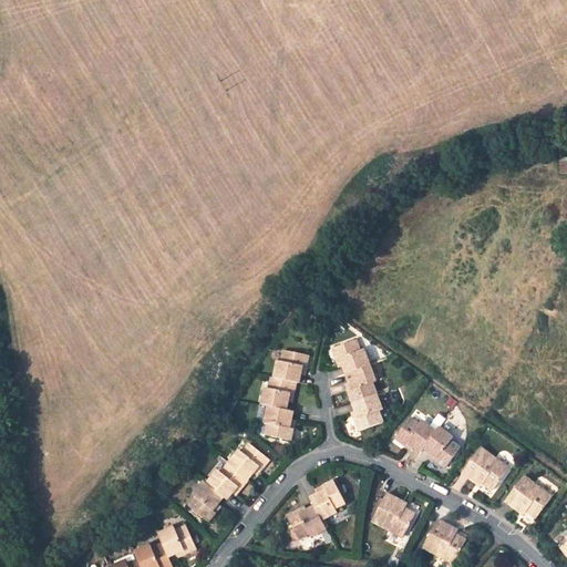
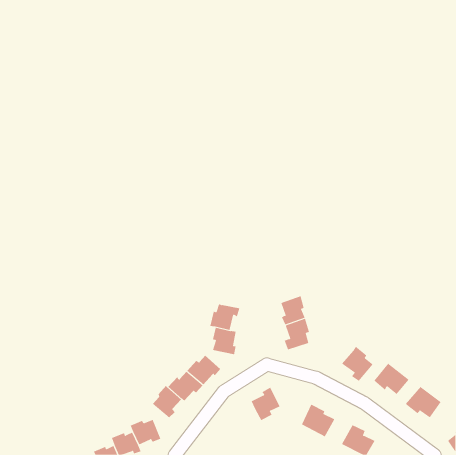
building: [332,339,372,374] -> none
building: [274,347,311,382] -> none
building: [394,417,436,454] -> none
building: [287,506,327,539] -> none

